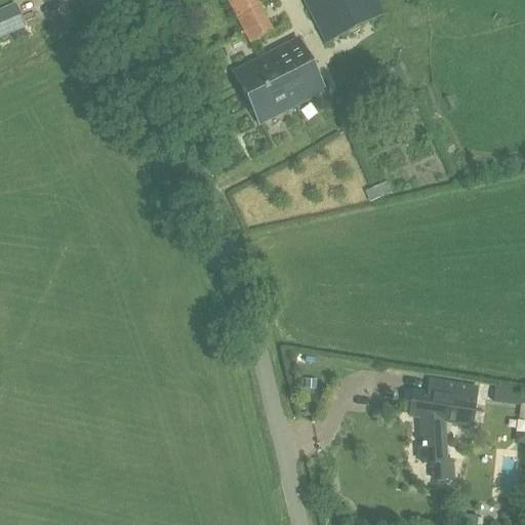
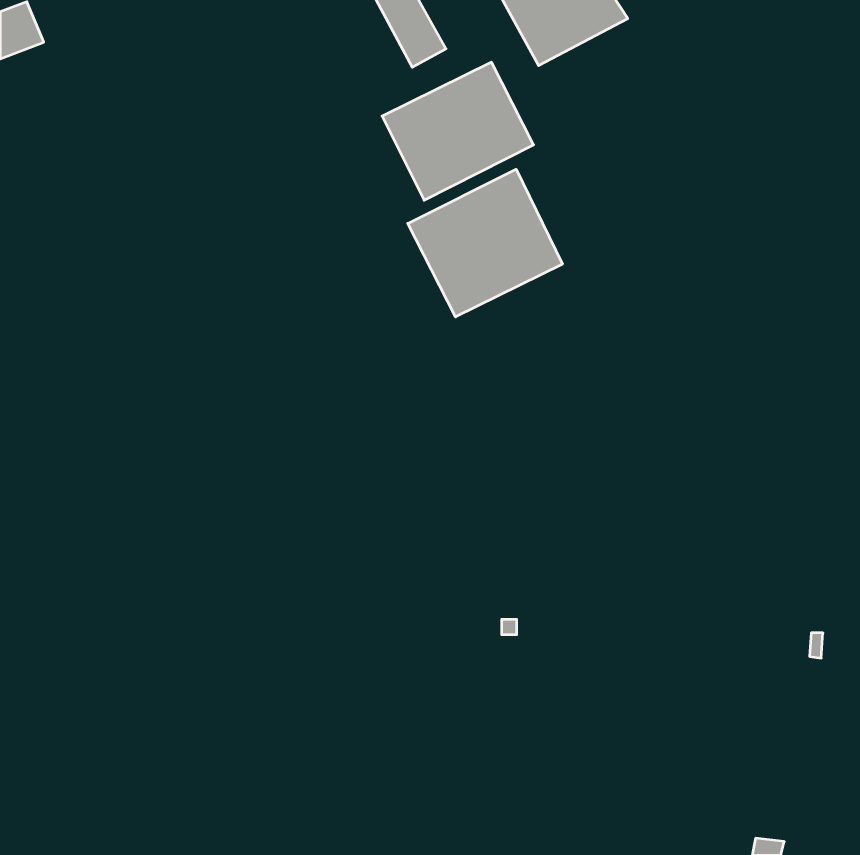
building: none -> [408,169,562,317]
building: [410,380,478,476] -> none

